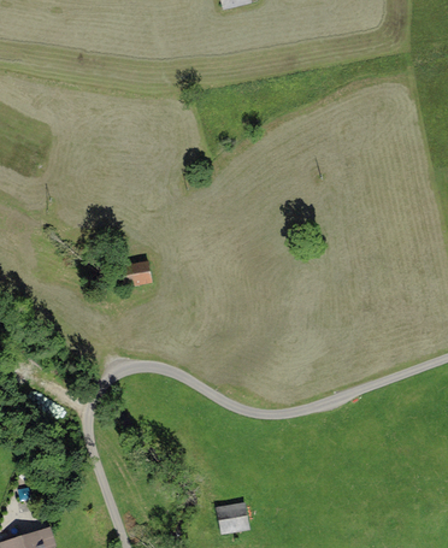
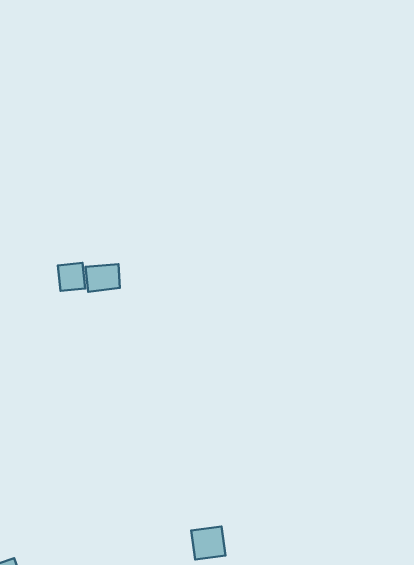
building: none -> [58,263,85,291]

